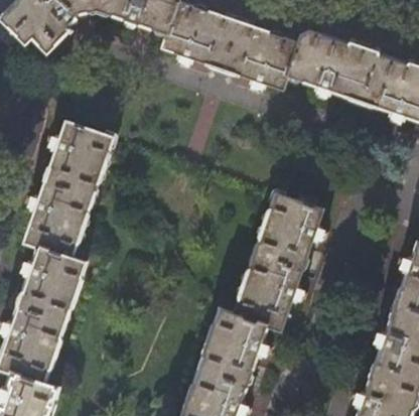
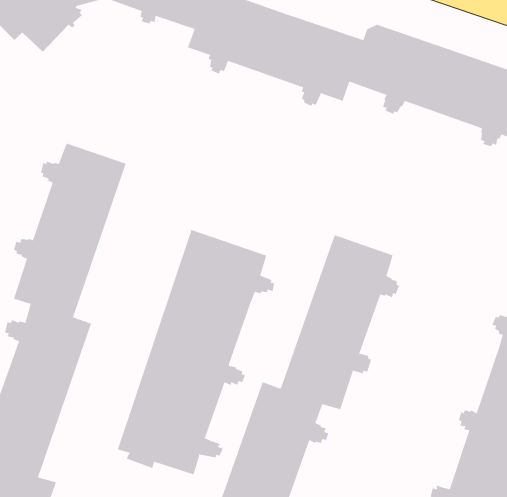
building: none -> [117,229,275,475]

